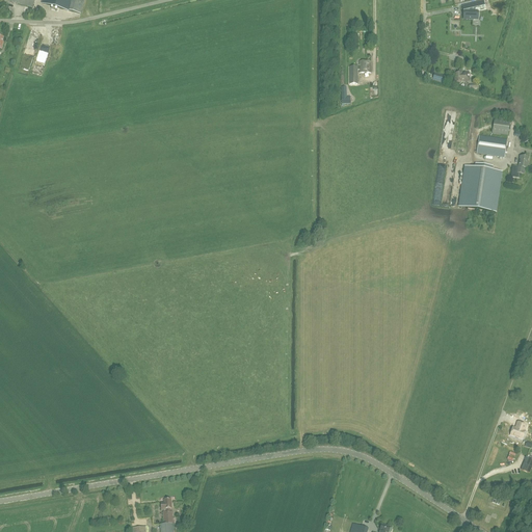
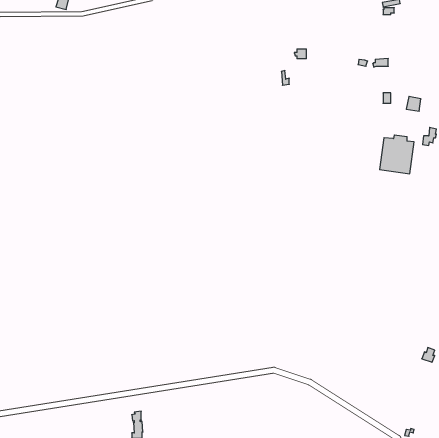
building: [476,133,506,155] -> none

